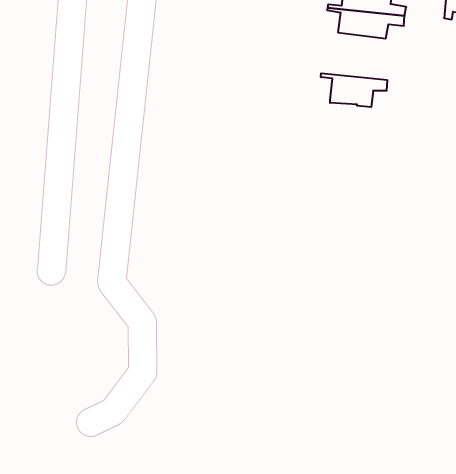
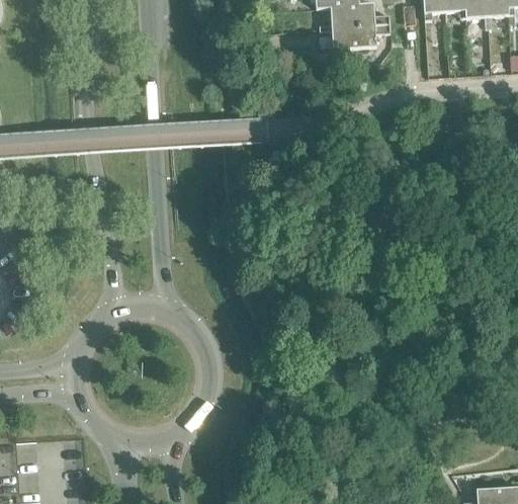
building: [321,73,387,107] -> none

